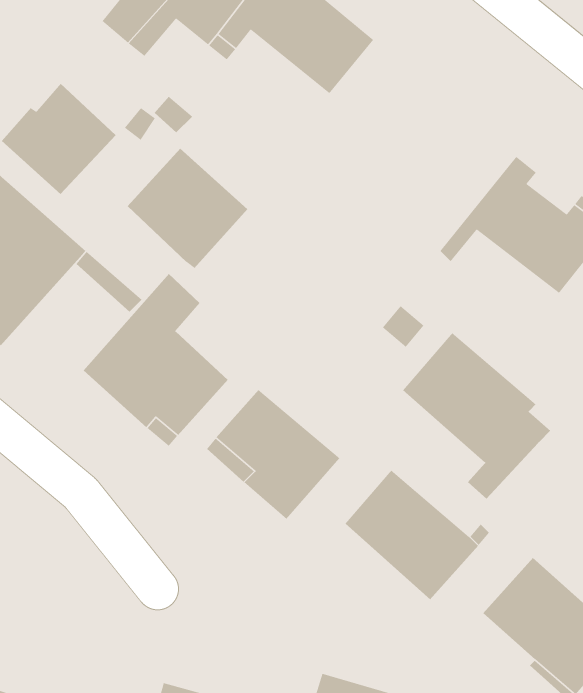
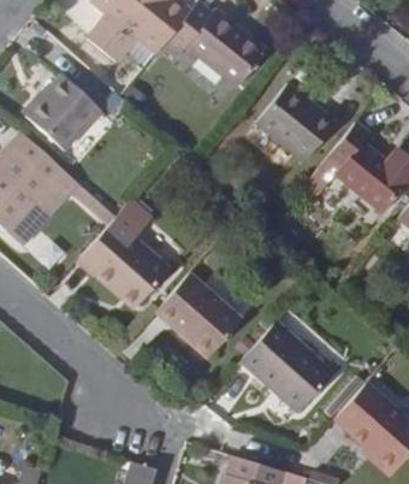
building: none -> [257,84,336,161]
building: [127,148,248,269] -> none
building: [402,332,551,499] -> none

